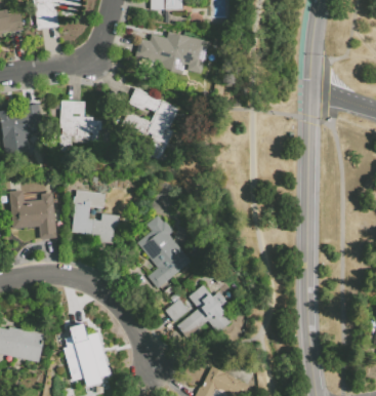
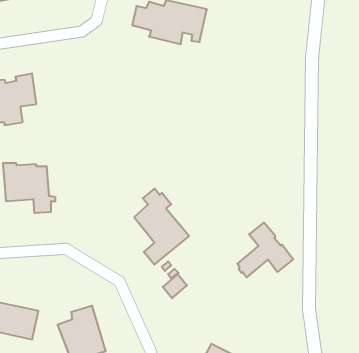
building: [123,86,178,156] -> none
building: [58,100,101,151] -> none
building: [72,190,115,236] -> none
building: [177,284,232,338] -> [237,223,293,277]

